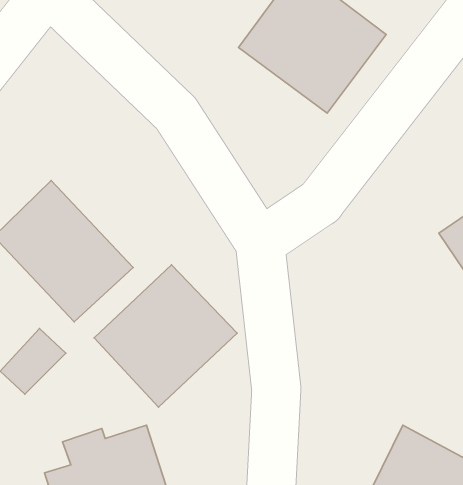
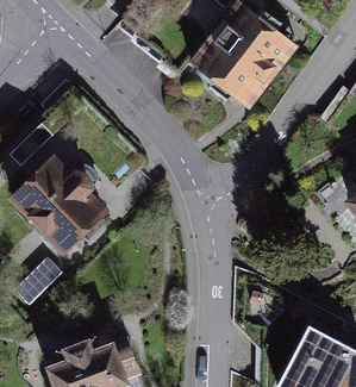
building: [94,265,237,407] -> none

